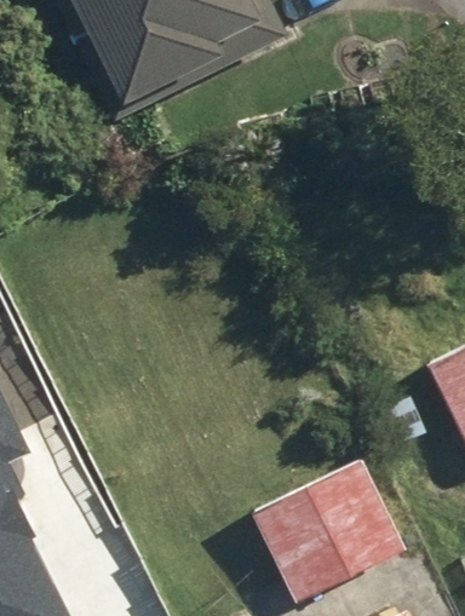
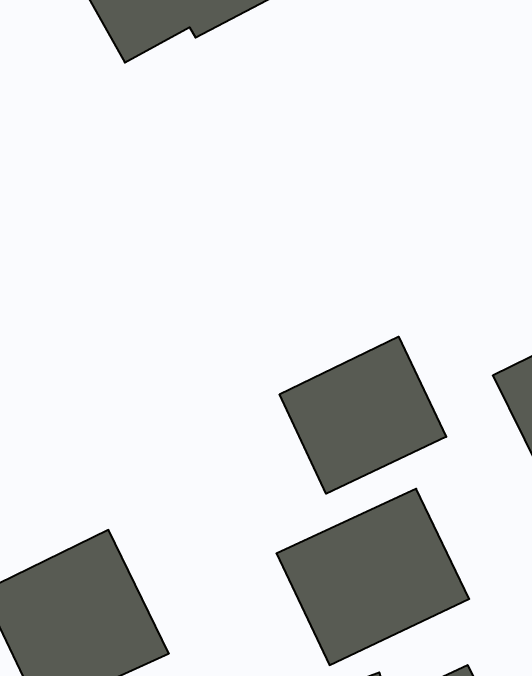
building: none -> [280,337,446,494]

